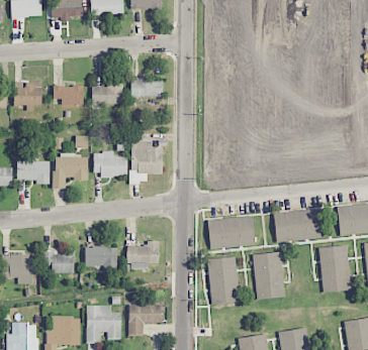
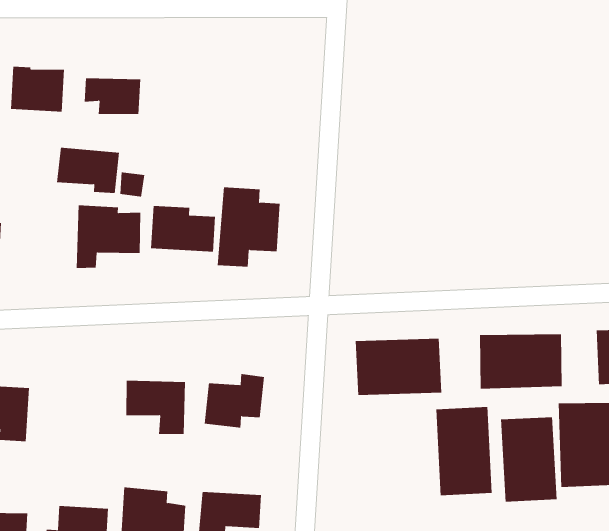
building: [131,80,163,97] -> none
building: [92,82,123,104] -> none
building: [17,160,51,184] -> [56,147,120,193]
building: [43,249,75,273] -> none
building: [207,255,241,303] -> [500,417,557,502]

